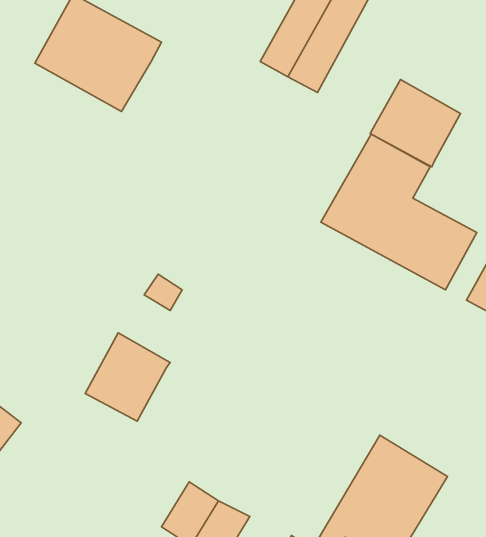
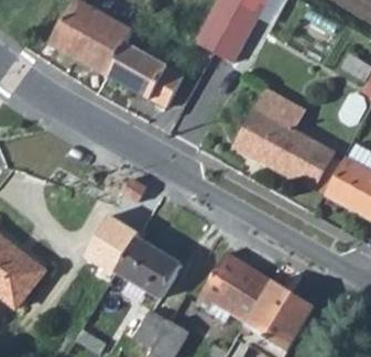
building: none -> [107,42,183,107]
building: [370,80,461,167] -> none
building: none -> [117,237,182,296]
building: none -> [195,251,271,322]

